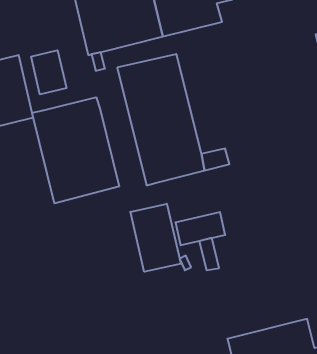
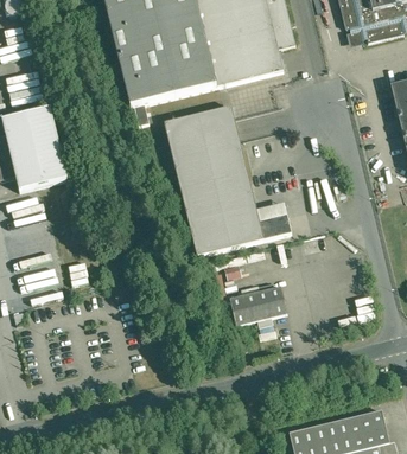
building: [31,50,66,94] -> none
building: [32,97,119,203] -> none
building: [130,204,181,272] -> none

